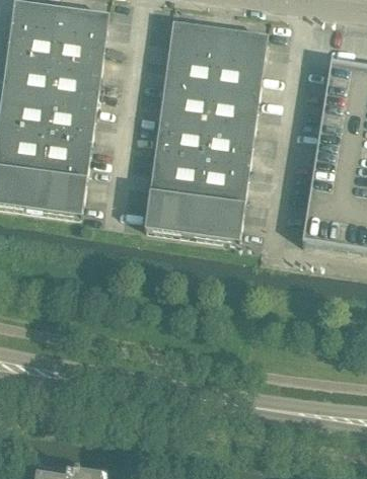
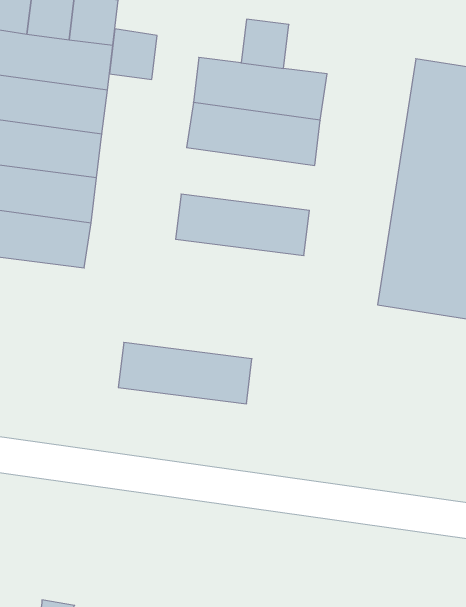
building: [167,24,203,62] -> [109,29,157,79]
building: [230,33,267,70] -> none
building: [154,125,253,171] -> none
building: [146,192,245,238] -> [118,342,252,404]

